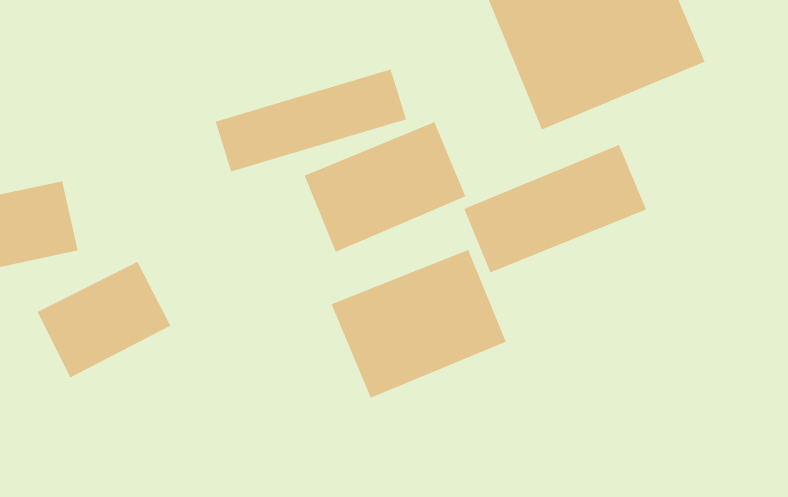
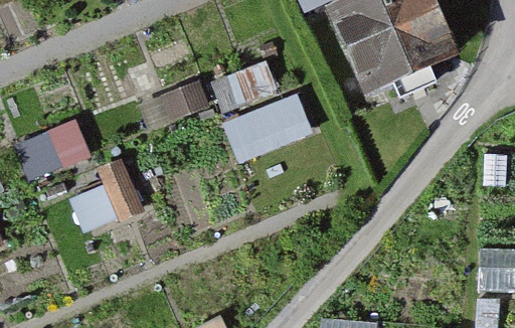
building: [464,144,647,273] -> none
building: [331,249,506,399] -> none

